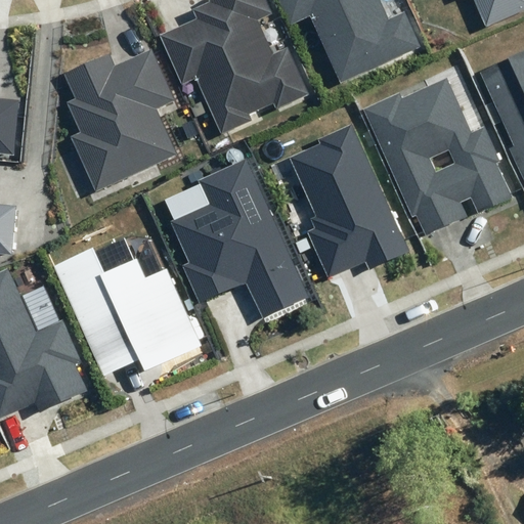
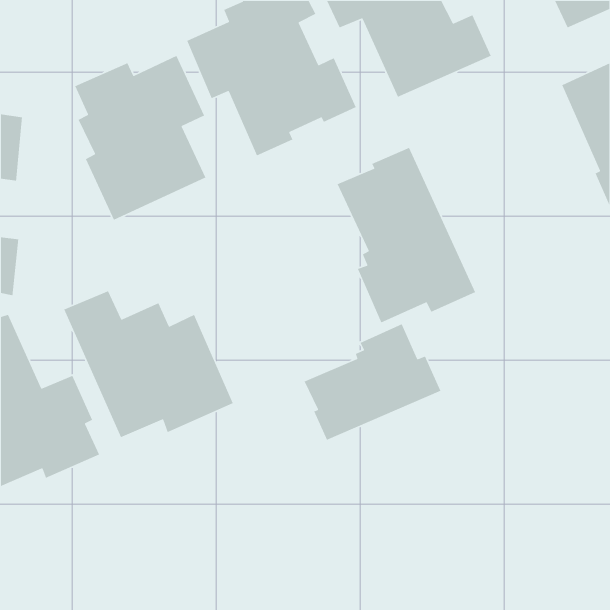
building: [363,78,513,233] -> none
building: [165,159,307,316] -> none
building: none -> [304,323,441,441]

